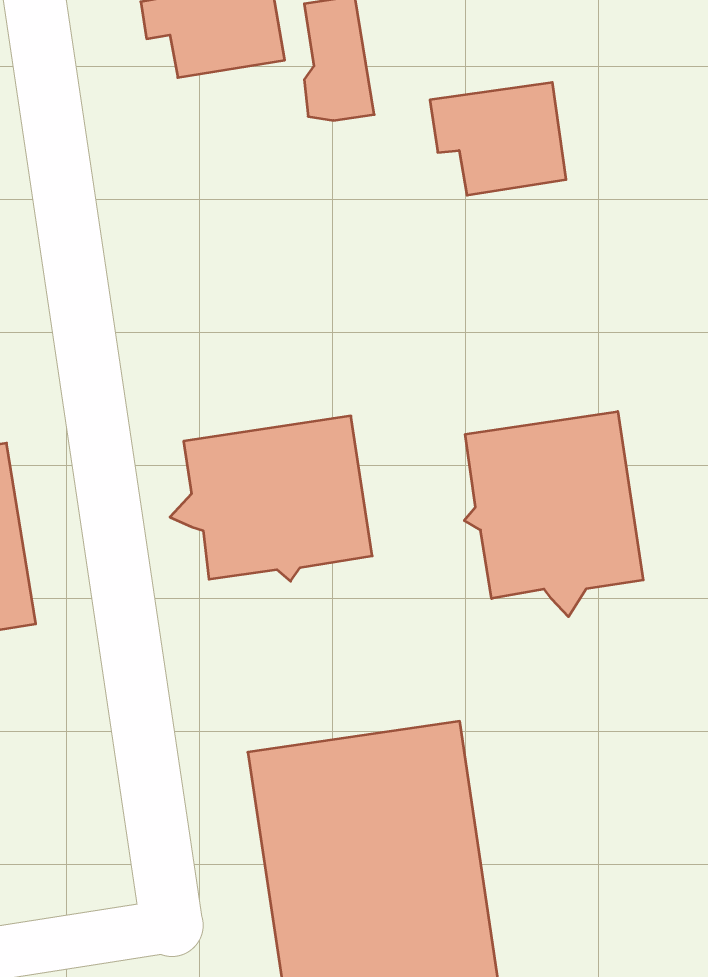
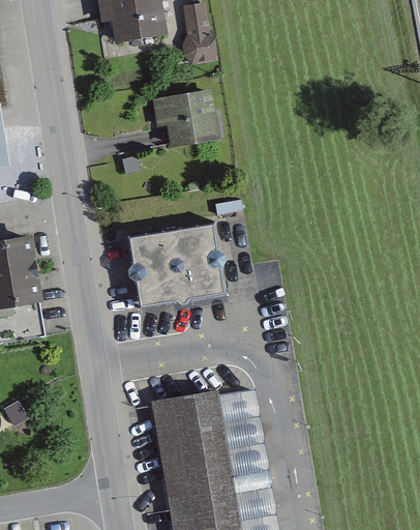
building: [430,82,566,195] -> [152,88,224,148]
building: [464,411,643,617] -> none

